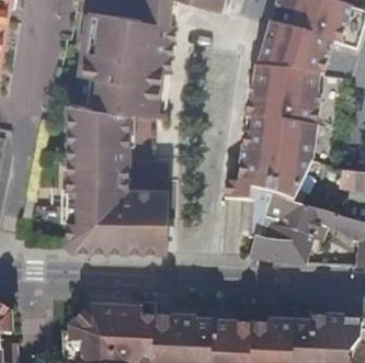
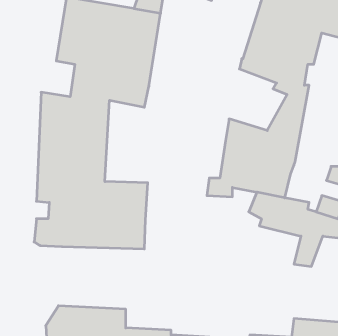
building: [242,79,298,137] -> none
building: [247,191,311,263] -> none

